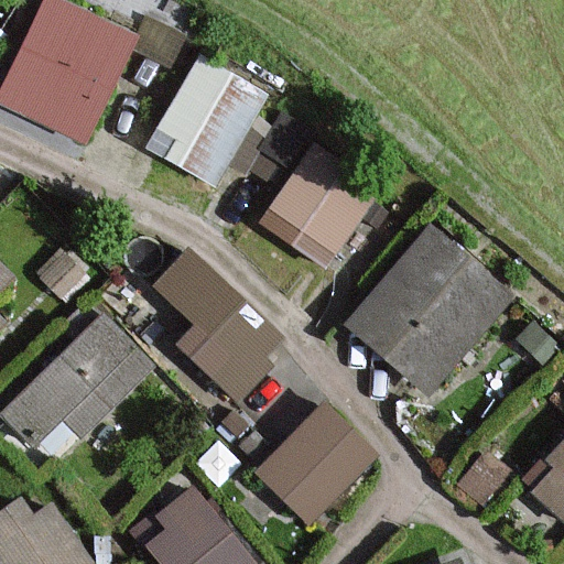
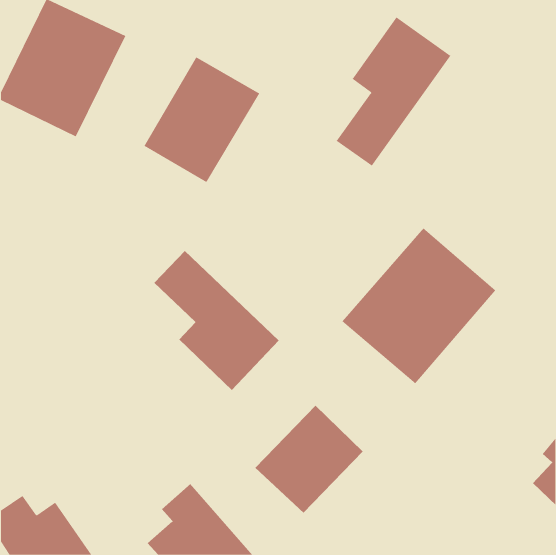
building: none -> [336,16,451,167]
building: [262,153,368,262] -> none
building: [4,316,153,447] -> none

